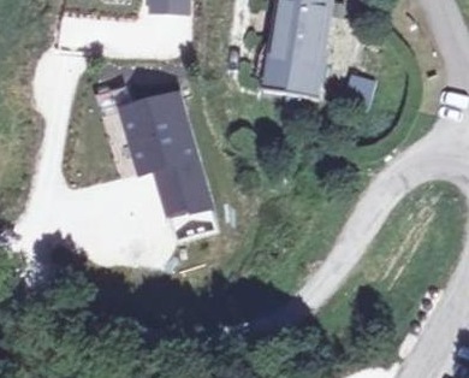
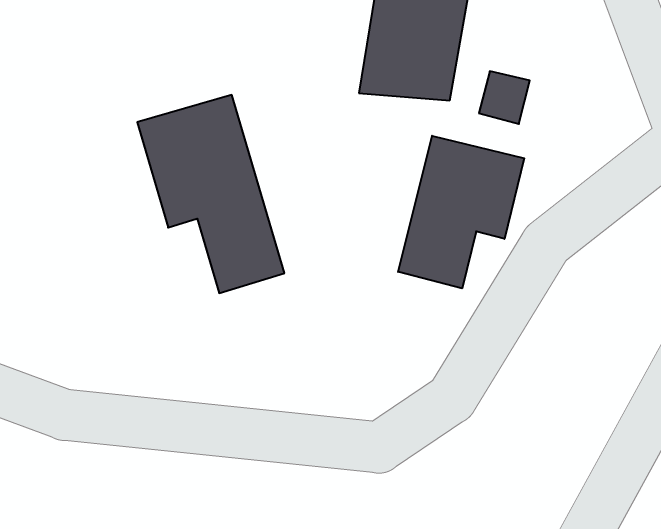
building: none -> [398,136,524,288]

